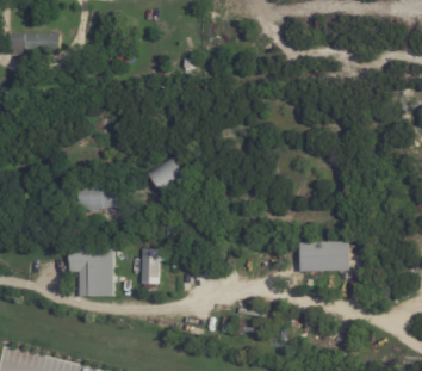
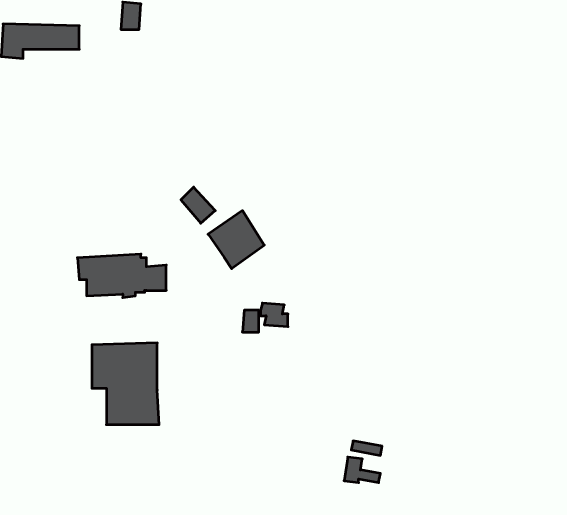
building: [304,242,355,273] -> none
building: [143,249,161,287] -> none

